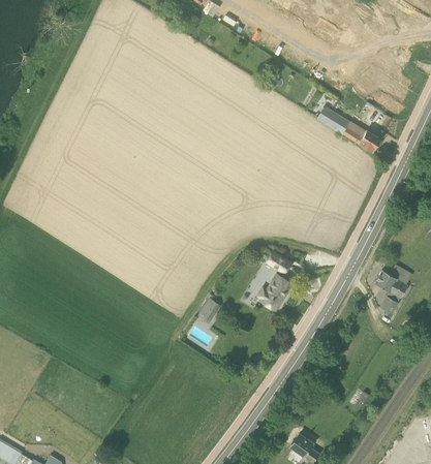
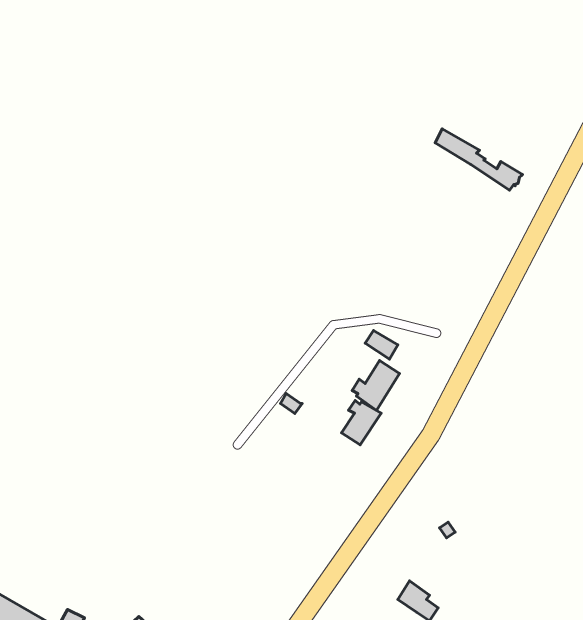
building: [374,265,412,314] -> none
building: none -> [342,400,381,445]

